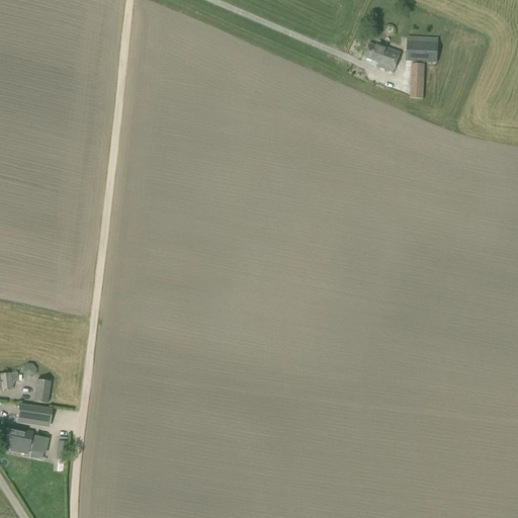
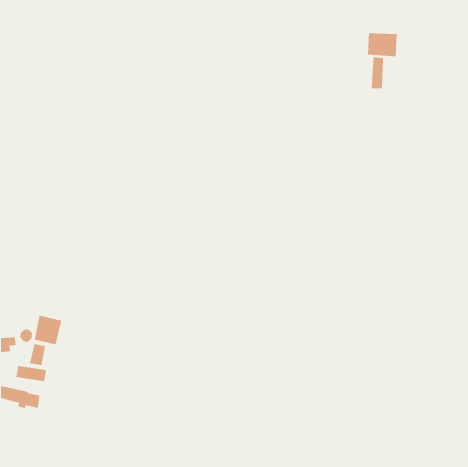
building: [365,44,400,72] -> none
building: none -> [34,315,62,345]

